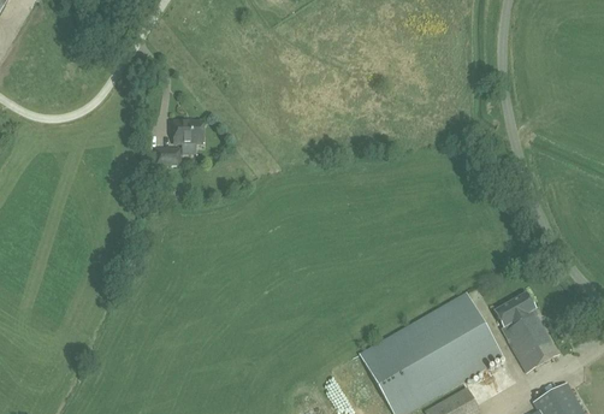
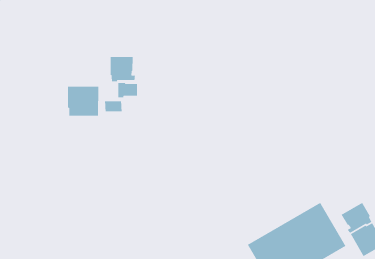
building: none -> [110,56,136,82]
building: none -> [67,86,99,117]

